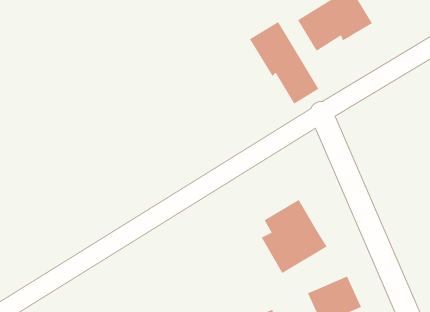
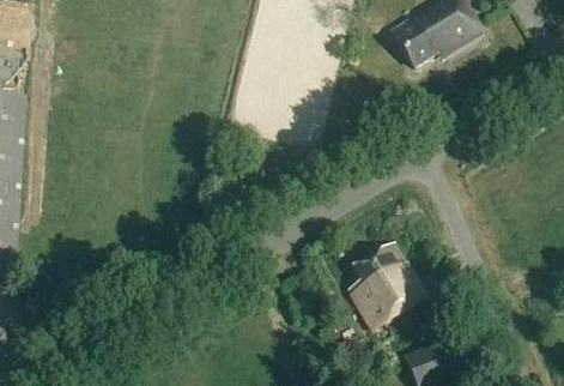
building: [249,21,319,104] -> none

